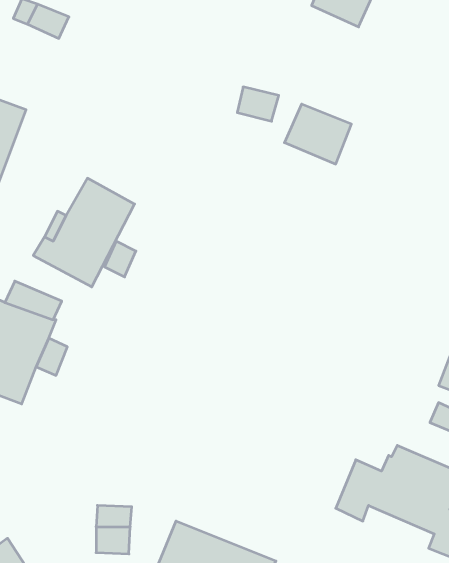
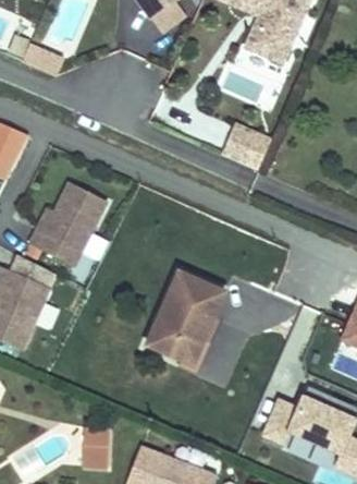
building: none -> [146,271,227,365]

